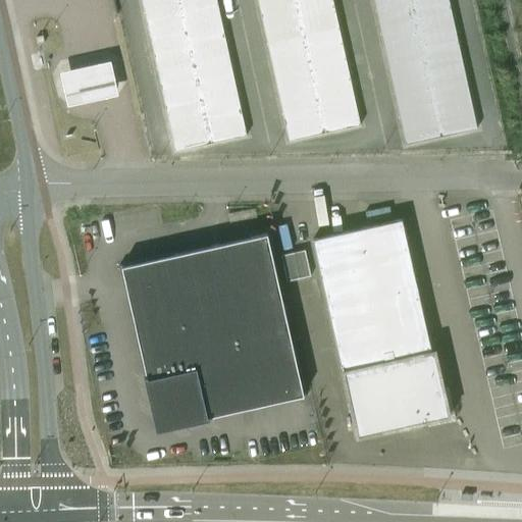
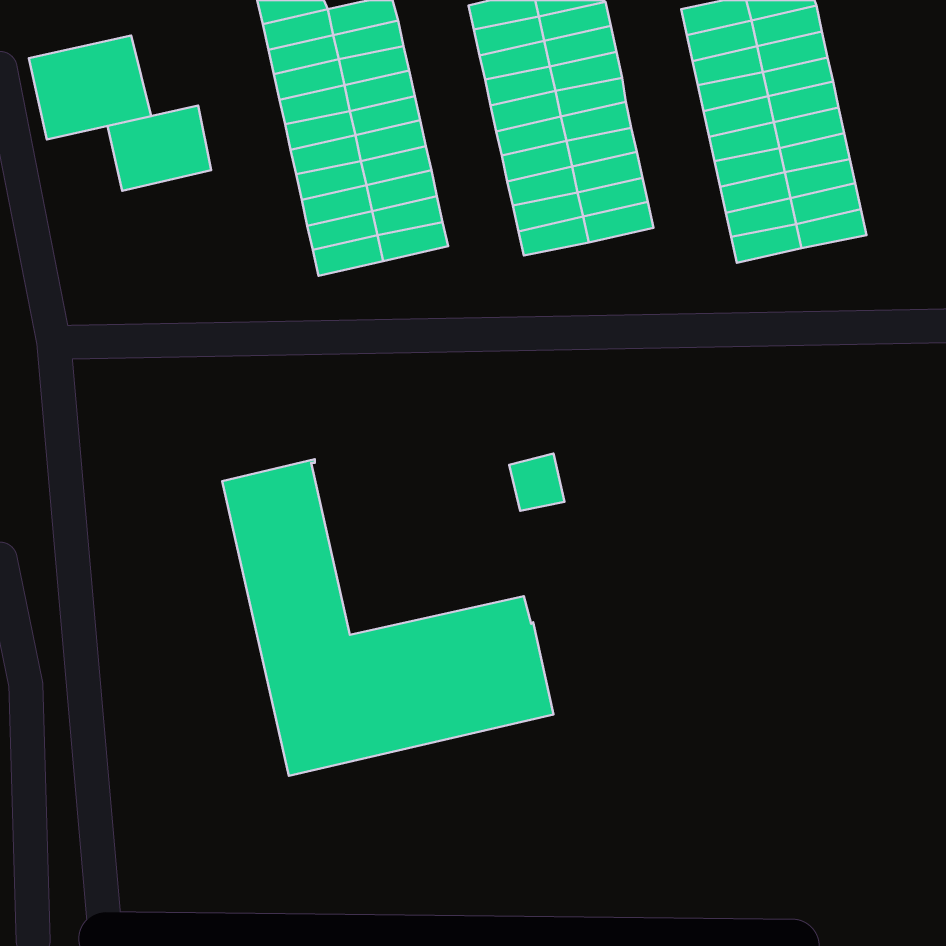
building: none -> [29,36,151,139]
building: [313,219,450,437] -> none
building: [171,233,289,350] -> none

